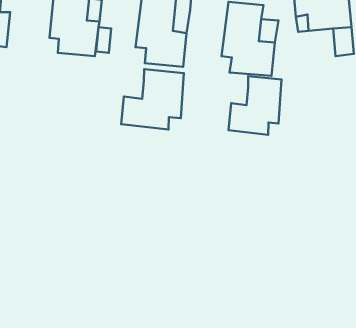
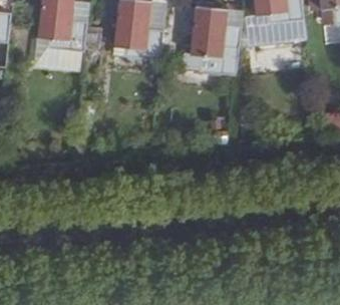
building: [121,69,184,130] -> none
building: [228,76,281,135] -> none

